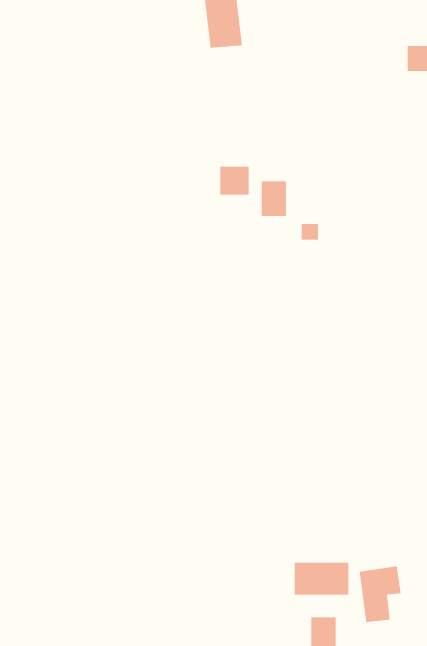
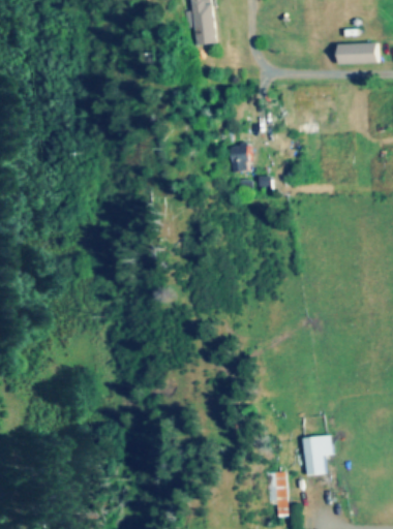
building: [220,166,249,196] -> none
building: [294,562,349,596] -> none

